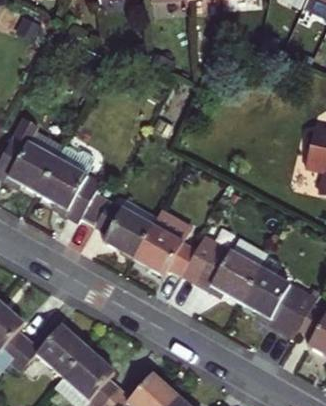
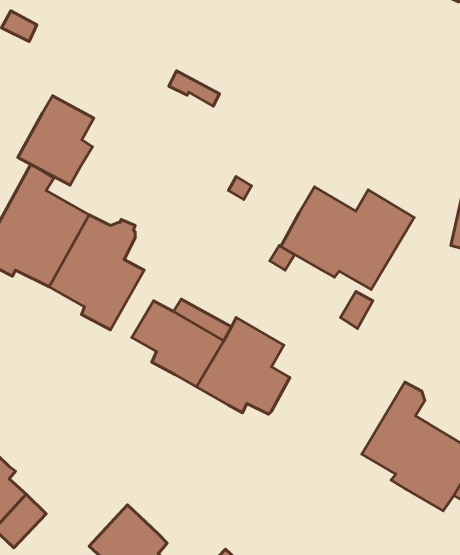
building: none -> [18,96,94,185]
building: [183,241,270,308] -> [281,187,414,290]
building: [38,318,89,368] -> none

